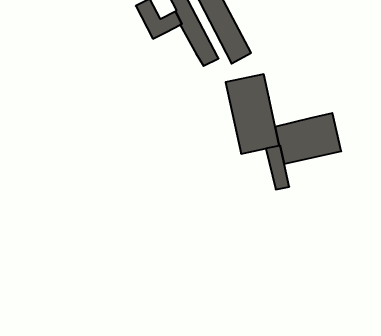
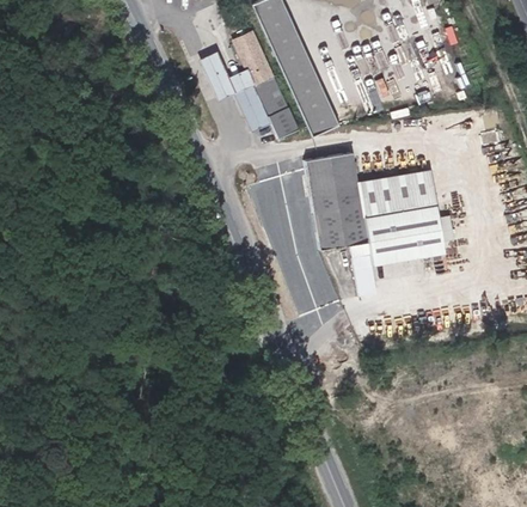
building: none -> [235,85,271,132]
building: none -> [359,169,436,218]

